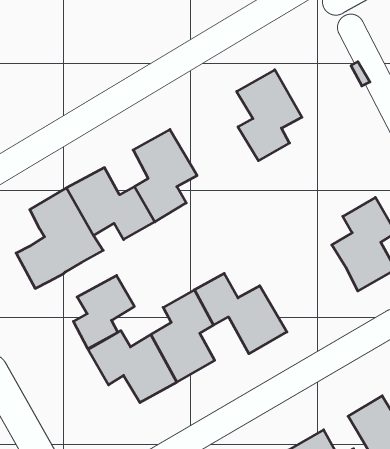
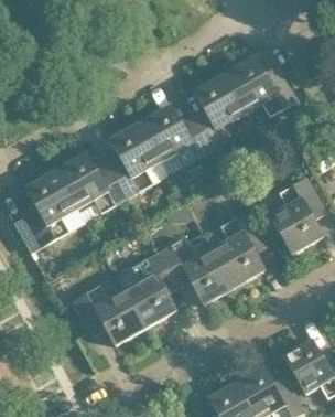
building: none -> [224,56,295,115]
building: none -> [139,105,210,163]
building: none -> [212,212,263,287]
building: [73,275,134,349] -> none

